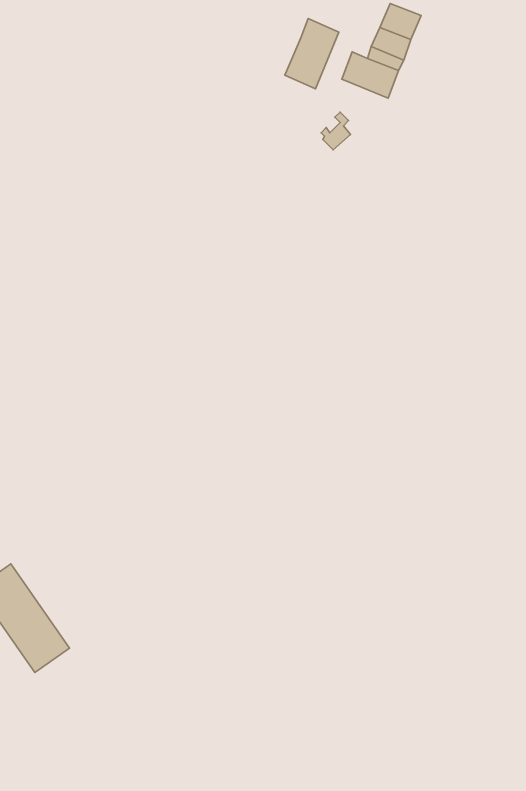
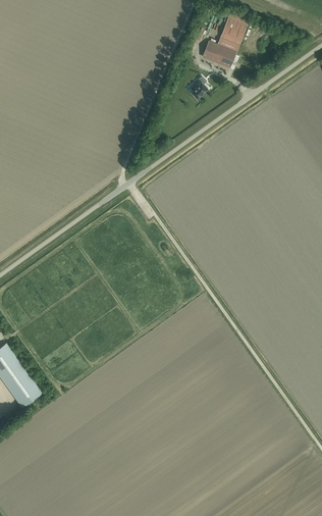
building: [285,19,339,89] -> none

